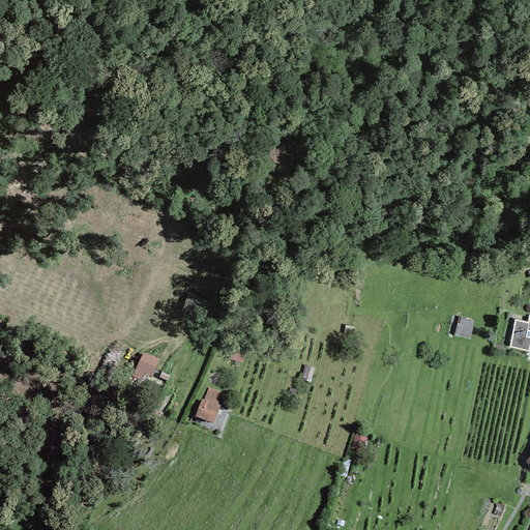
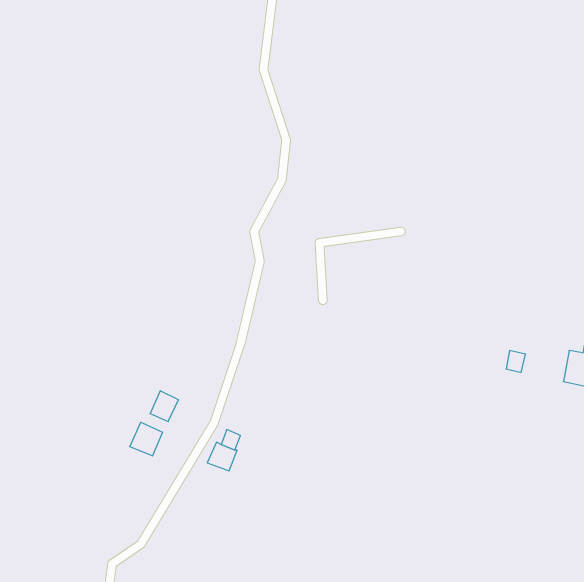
building: none -> [130,422,162,456]

